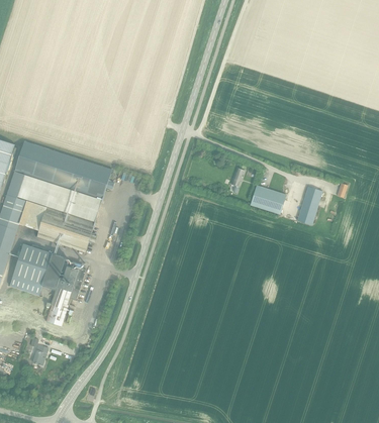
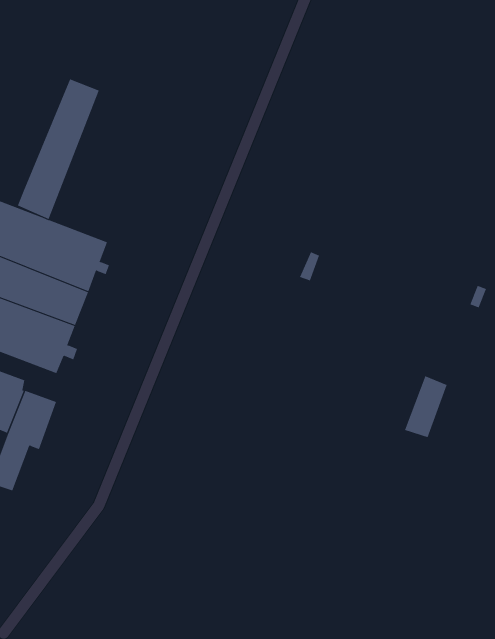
building: none -> [17,79,99,220]
building: [251,185,285,214] -> none
building: [296,186,321,224] -> [404,376,447,438]

